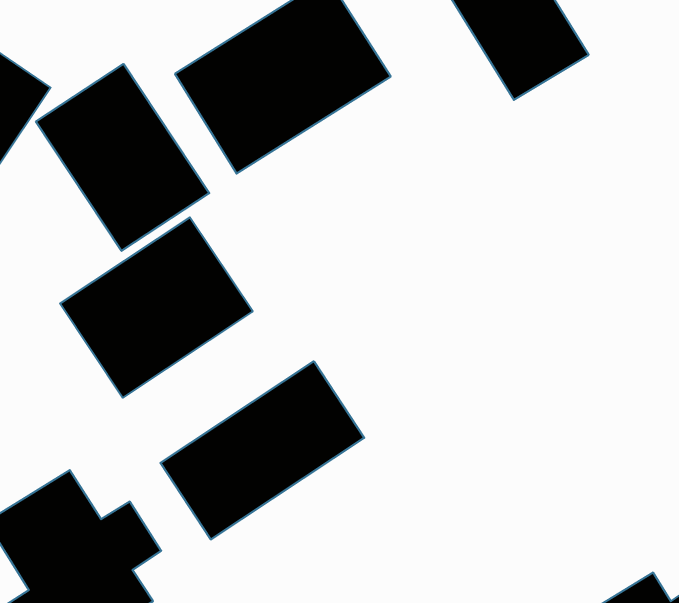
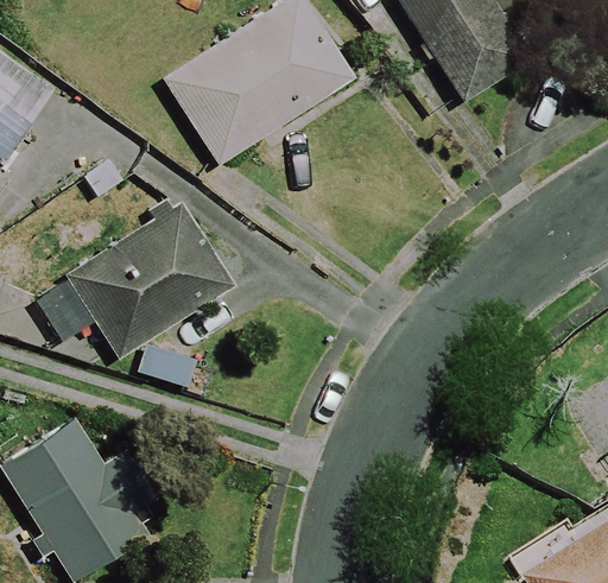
building: [36,64,209,251] -> none
building: [160,361,364,540] -> none

